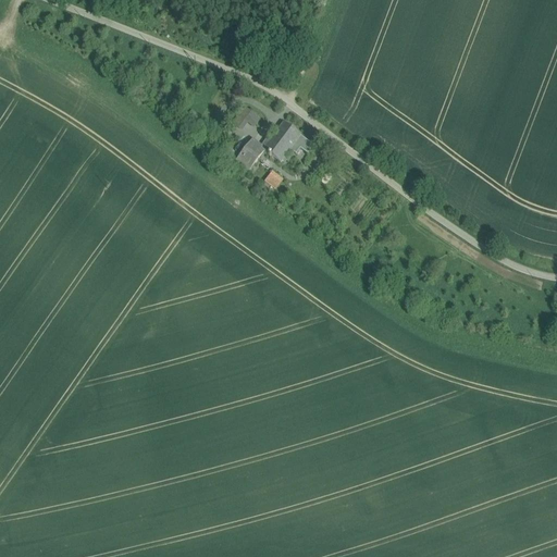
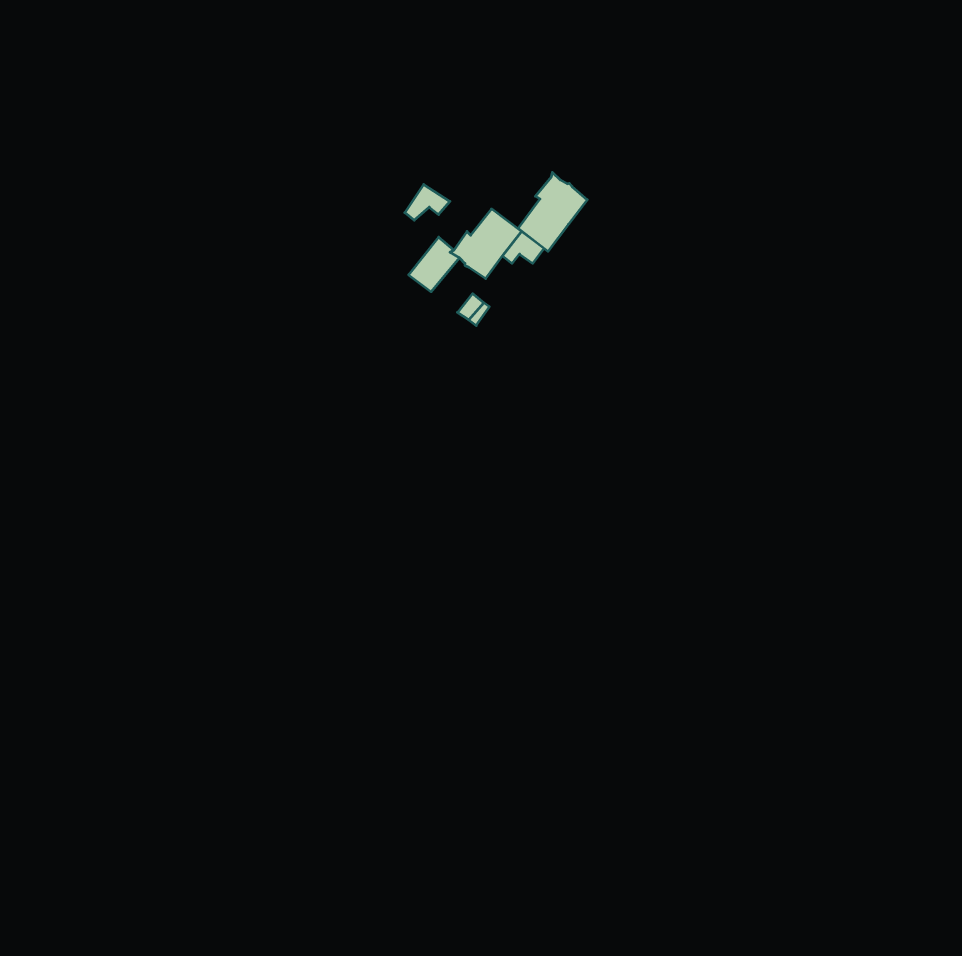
building: none -> [518,172,587,251]

